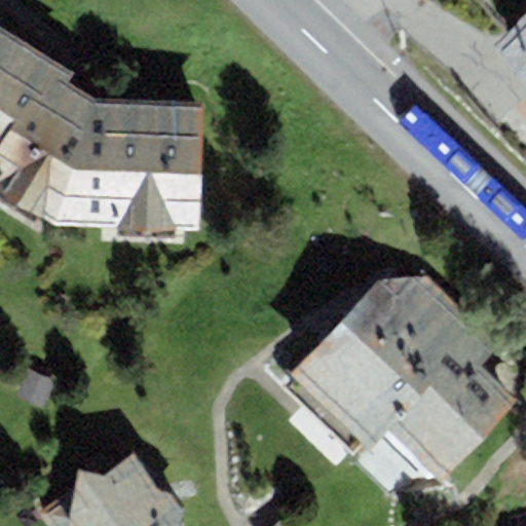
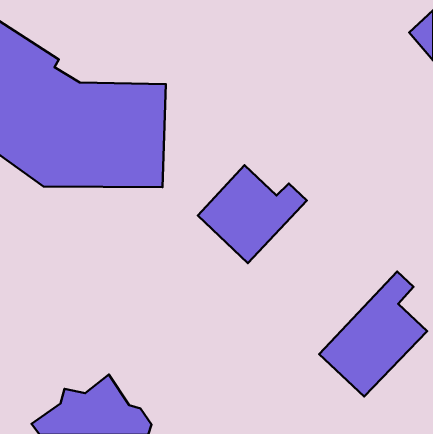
building: none -> [198,165,307,263]
building: [291,278,480,447] -> none

